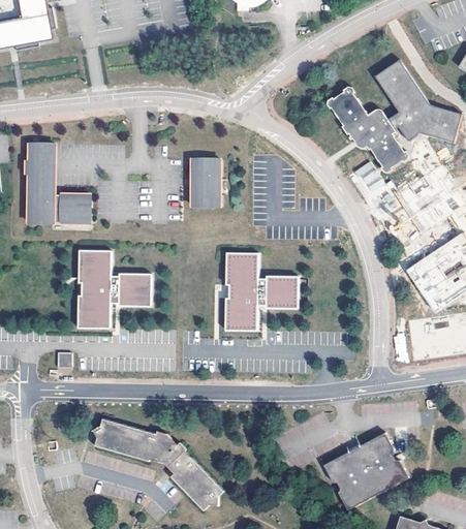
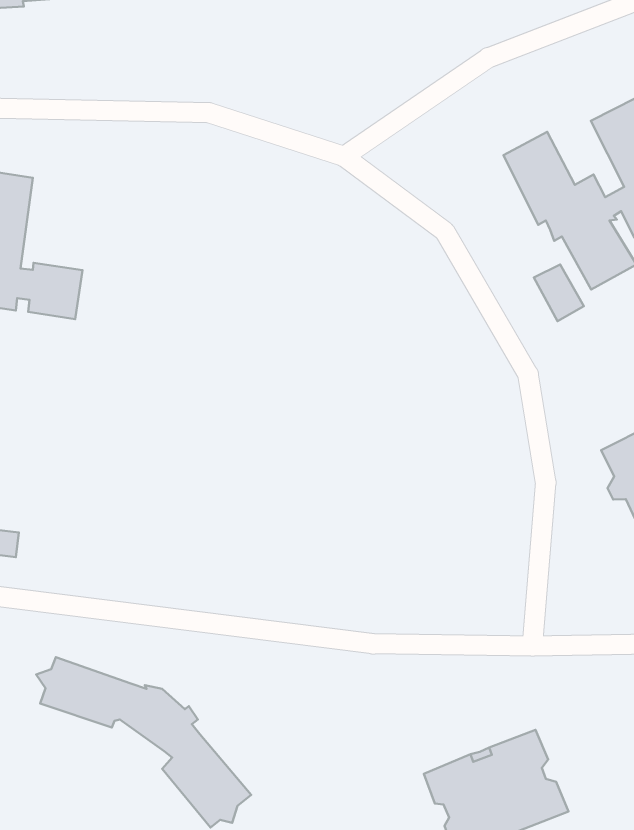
building: [191,160,220,207] -> none
building: [76,250,151,328] -> none
building: [224,253,298,332] -> none

